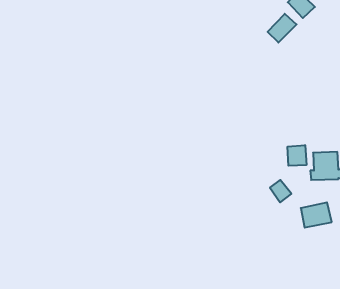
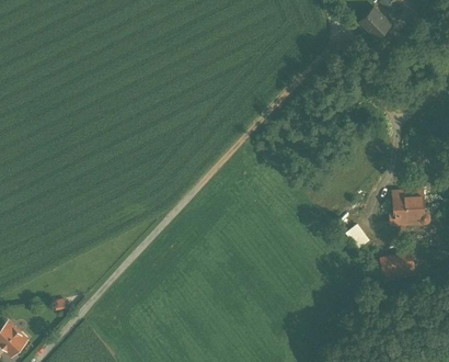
building: [268,14,297,43] -> none
building: [288,145,306,166] -> none

